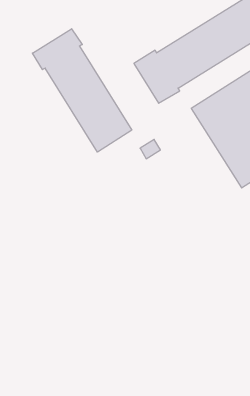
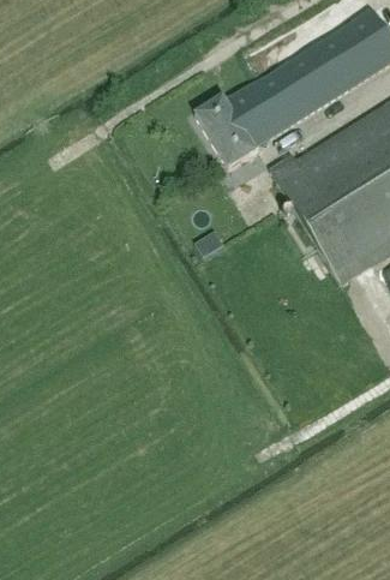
building: [32,29,132,152] -> none

